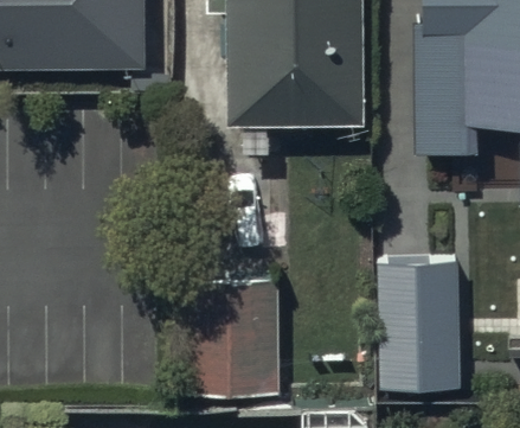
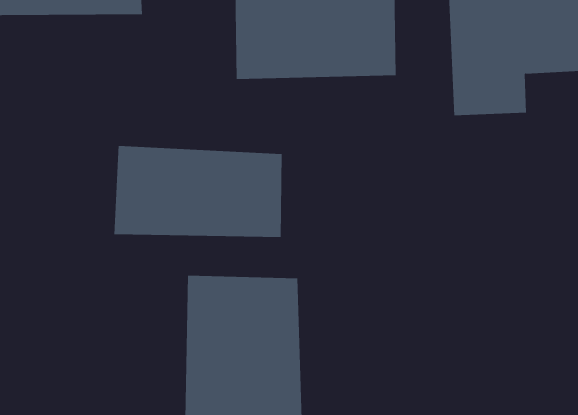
building: none -> [114,145,282,238]
building: [378,245,461,379] -> none

